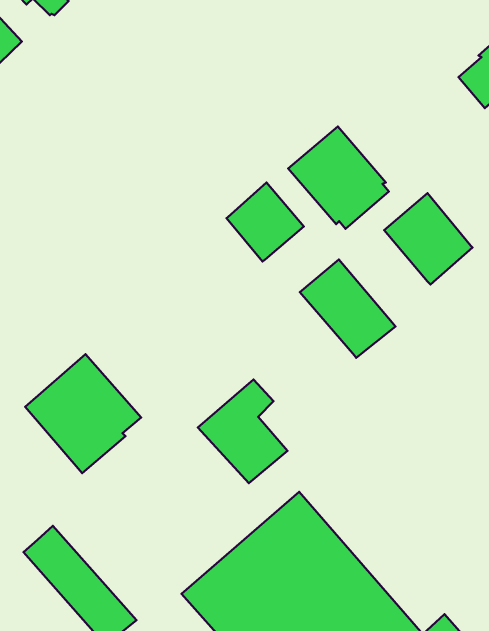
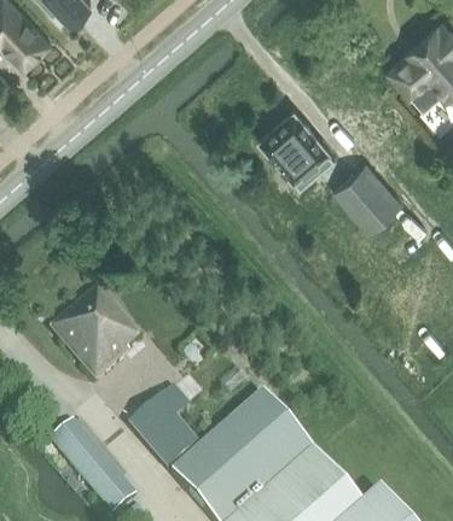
building: [226,183,304,262] -> none
building: [300,260,395,358] -> none
building: [198,380,288,483] -> [129,390,199,470]

